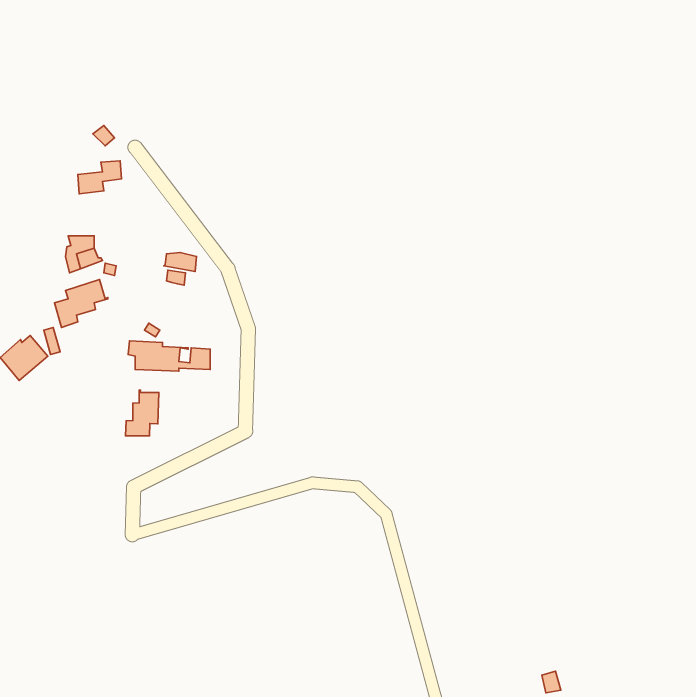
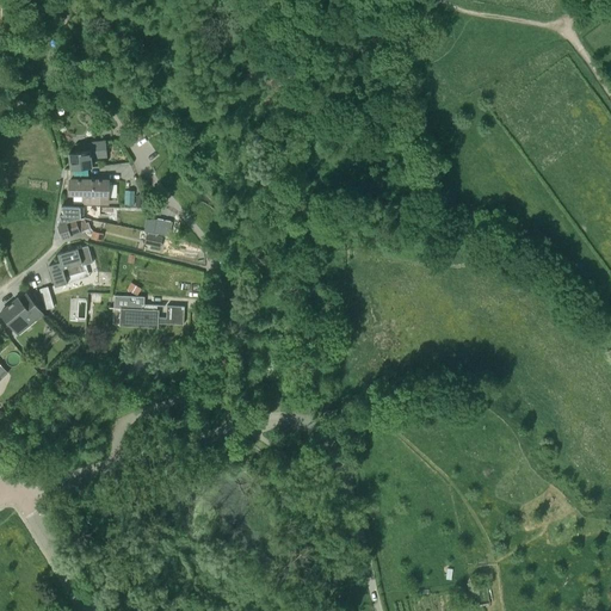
building: none -> [69,179,107,204]
building: [126,390,159,436] -> none

